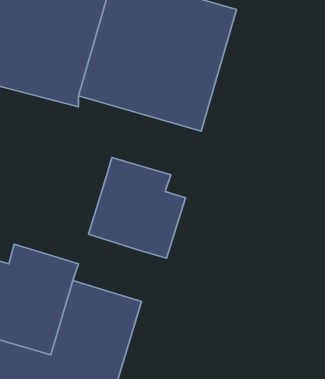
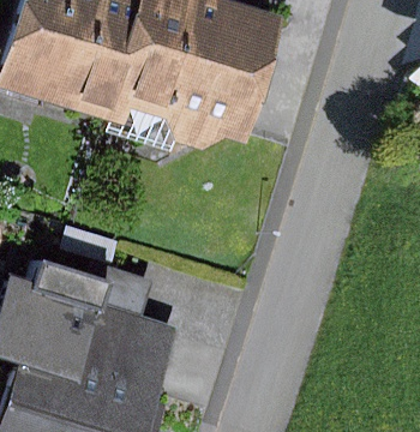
building: [89,157,186,258] -> none

